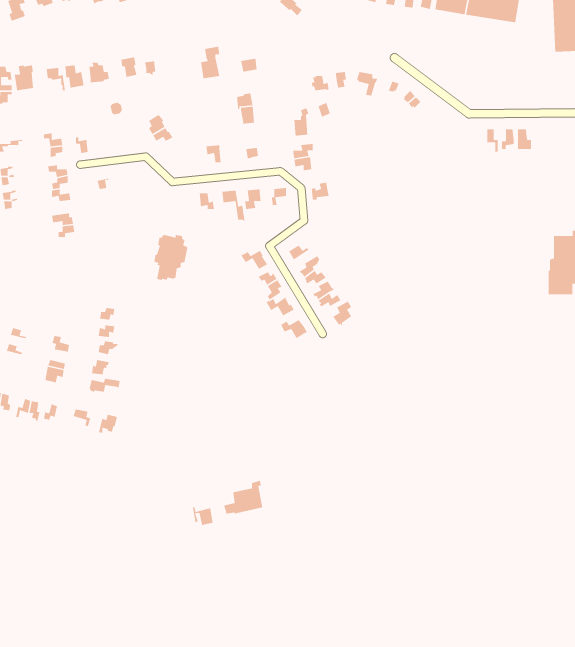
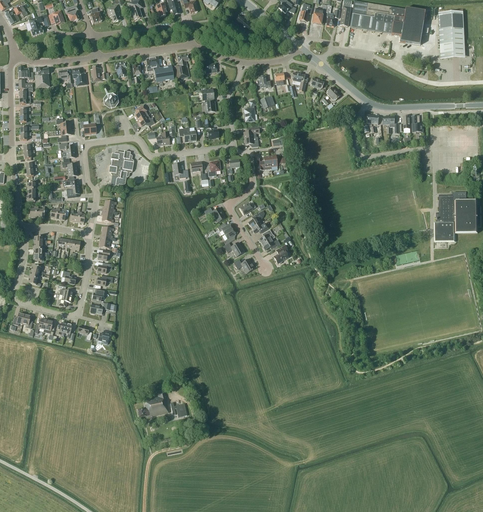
building: none -> [146,58,174,82]
building: [153,234,188,281] -> [108,151,134,186]
building: [223,480,263,514] -> [137,391,167,417]

